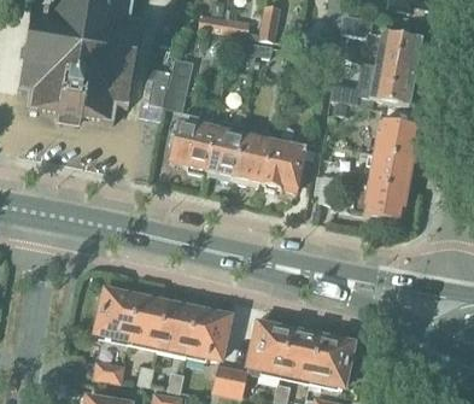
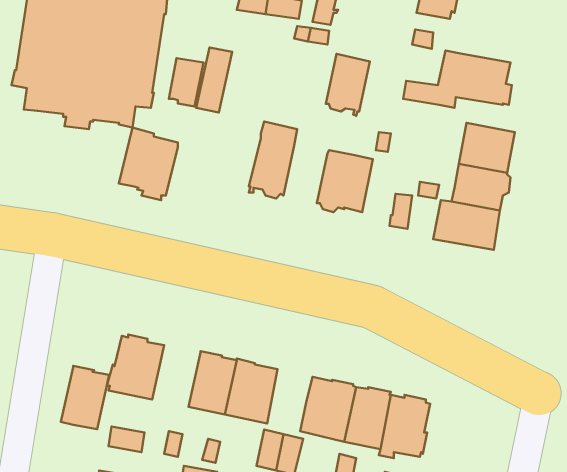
building: [375,31,425,71] -> none
building: [169,116,216,174] -> [119,128,178,200]
building: [234,137,269,187] -> [326,54,370,116]
building: [129,295,168,346] -> [61,366,109,429]

